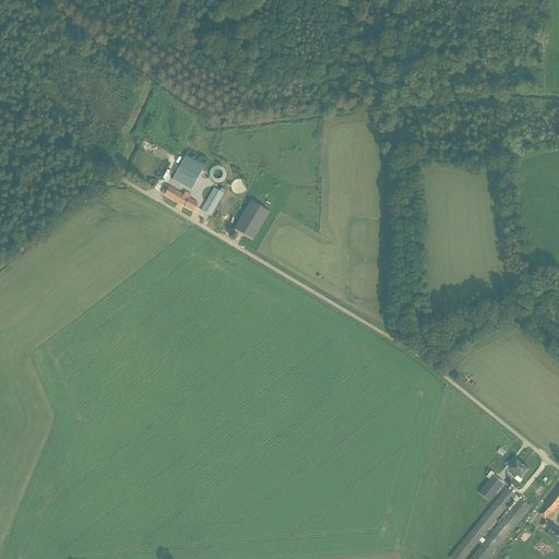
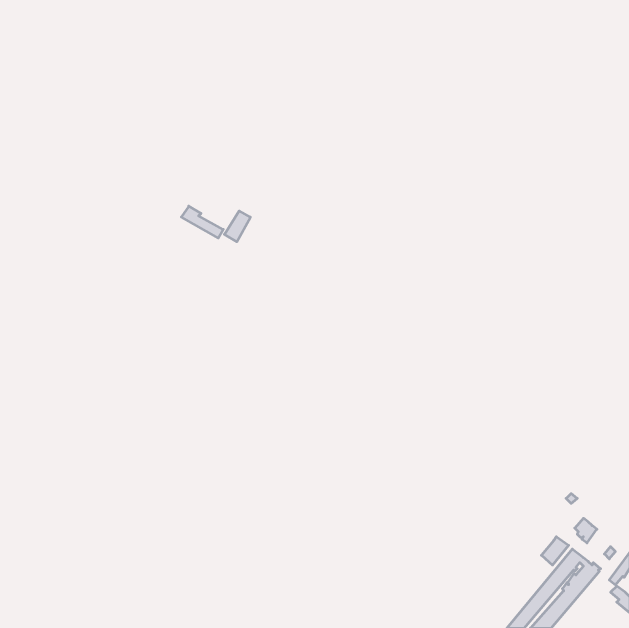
building: [169,155,205,189] -> none
building: [236,199,270,237] -> none

